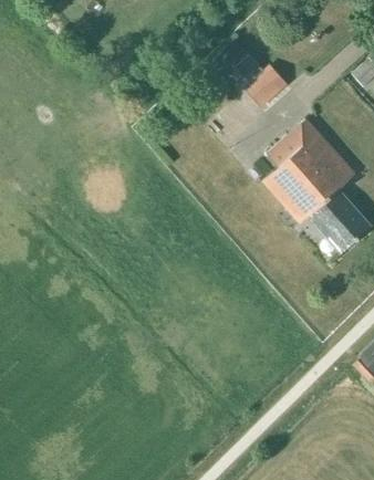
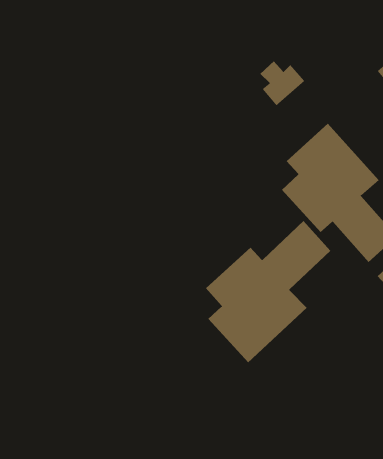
building: none -> [205,220,331,363]

